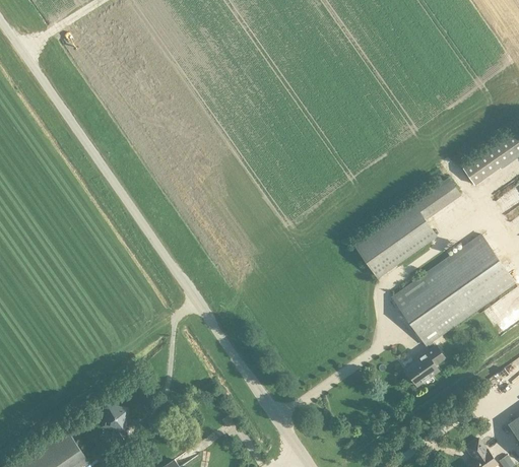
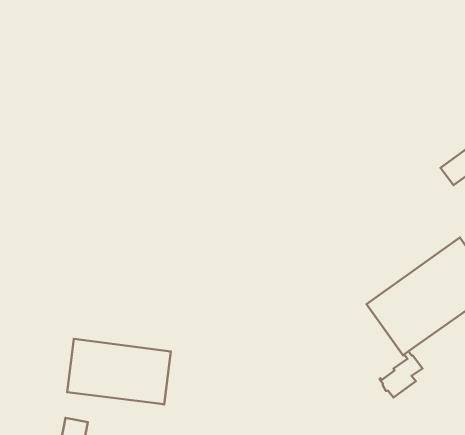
building: [354,179,460,277] -> none
building: none -> [67,339,171,405]

